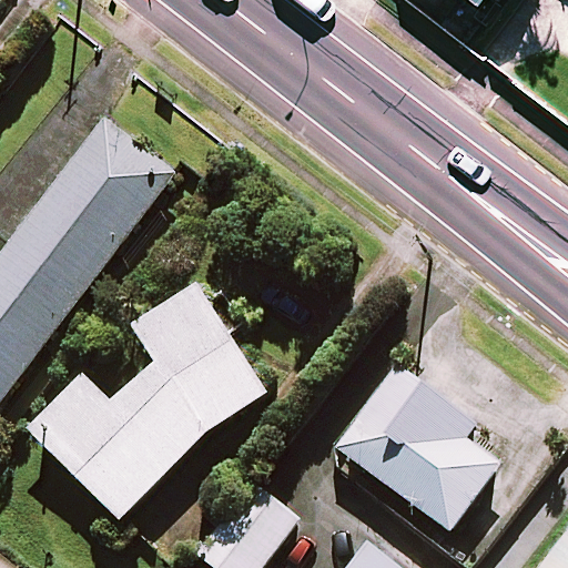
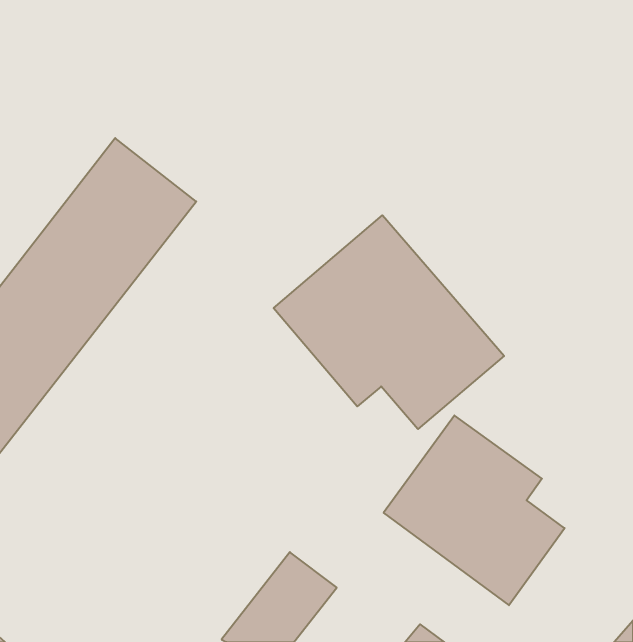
building: none -> [274,215,504,429]
building: [30,281,268,519] -> none

